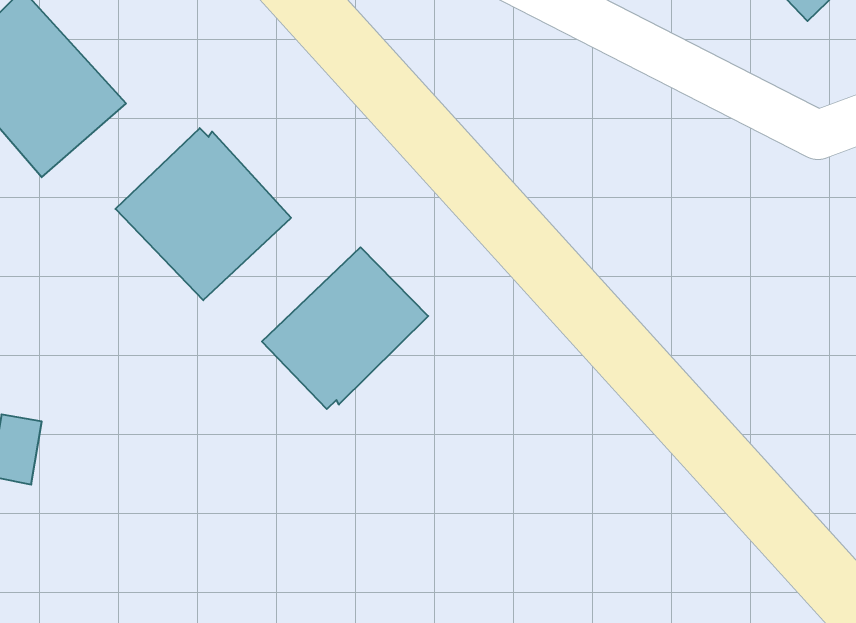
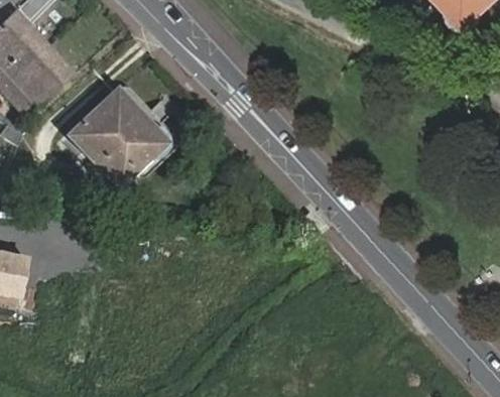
building: [262,247,428,409] -> none

